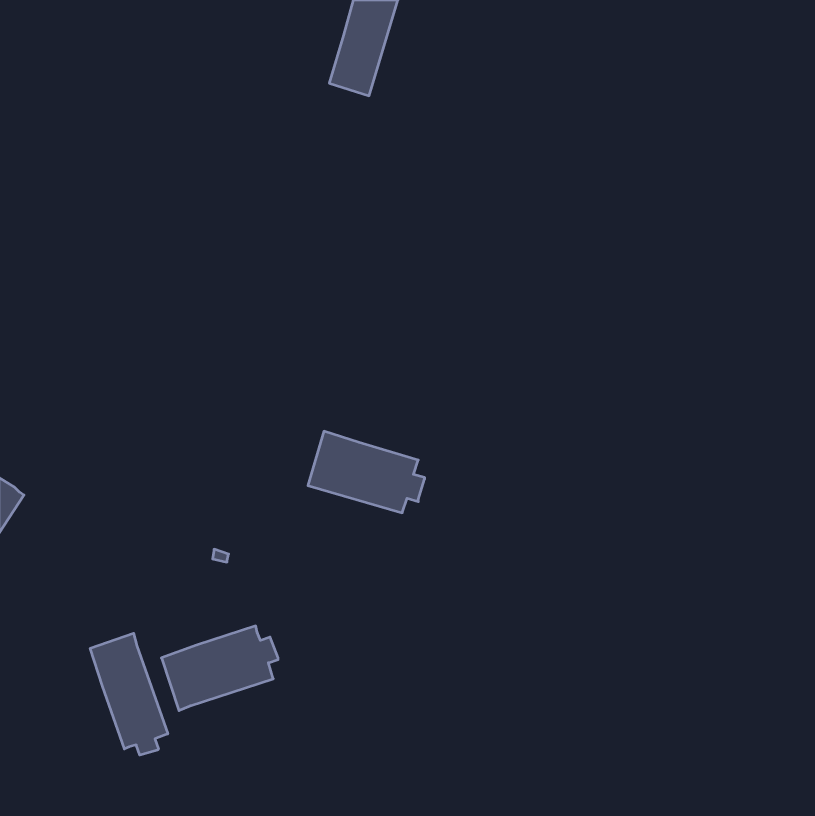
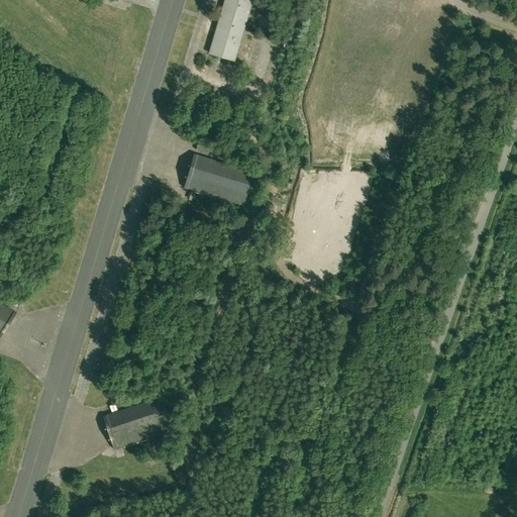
building: [308,431,425,513] -> [183,153,256,205]
building: [90,633,168,755] -> none

